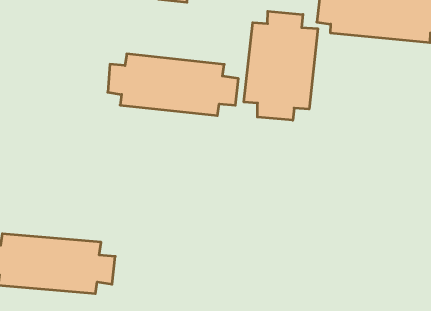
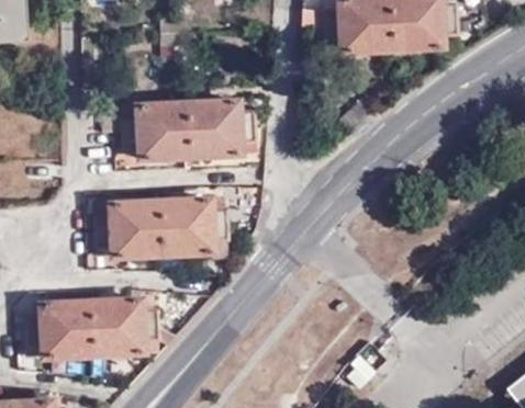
building: [244,11,318,120] -> none
building: none -> [96,200,226,256]

